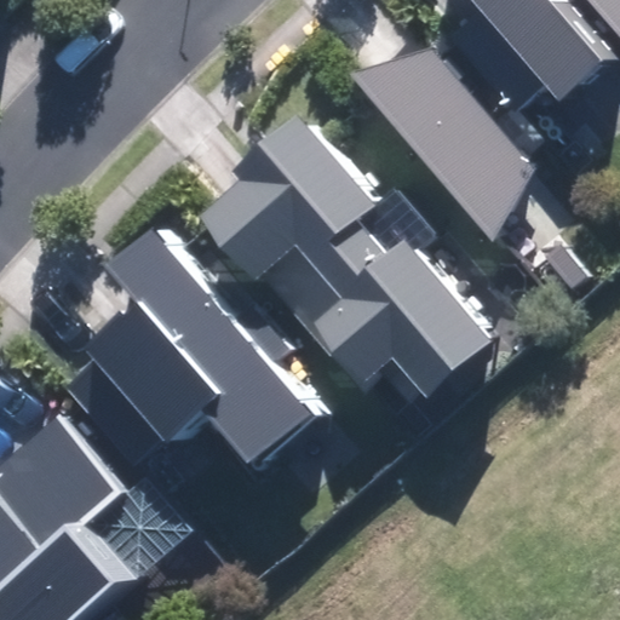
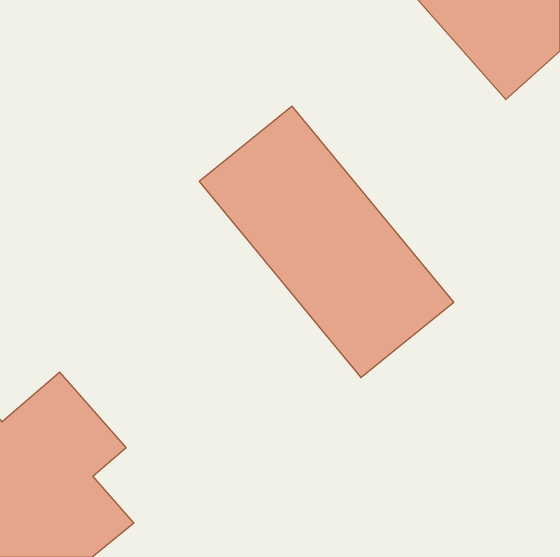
building: [349,44,522,251] -> none
building: [82,234,308,473] -> none

